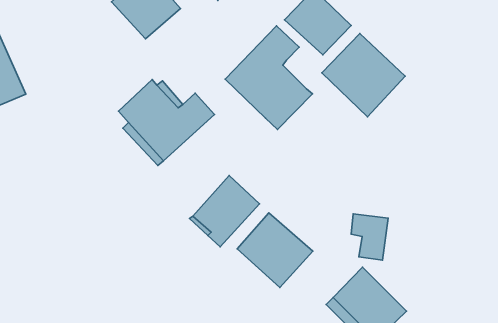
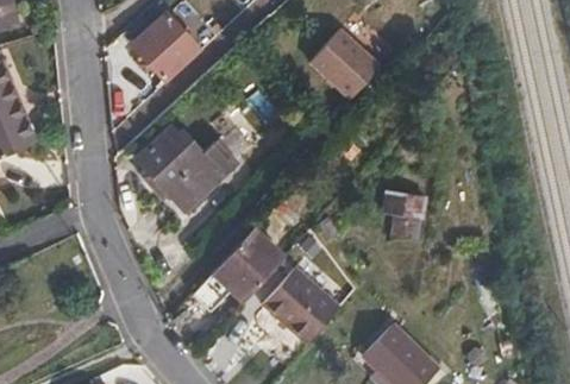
building: [225,26,313,130] -> none
building: [322,33,405,117] -> none
building: [351,214,388,260] -> [384,190,424,239]

